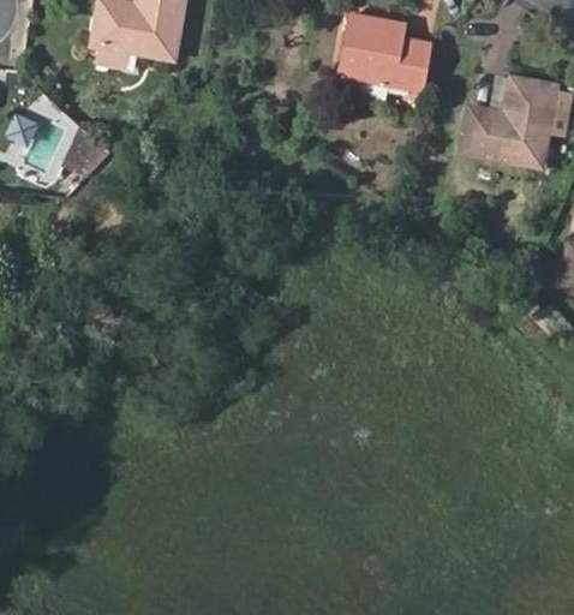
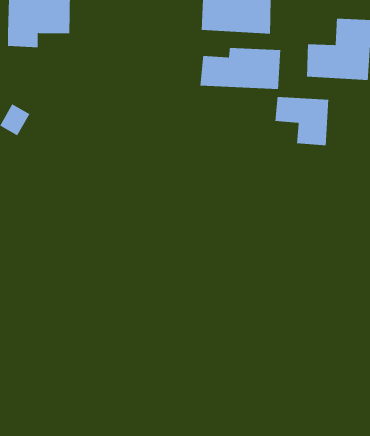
building: none -> [200,47,281,90]
building: none -> [275,96,329,146]

